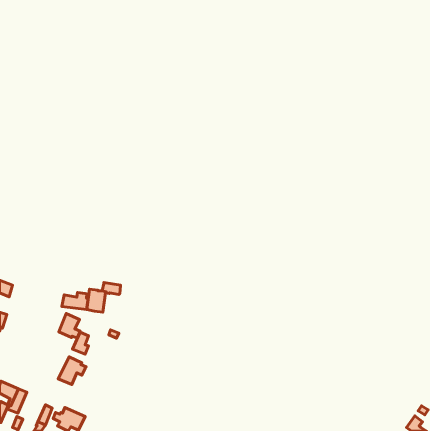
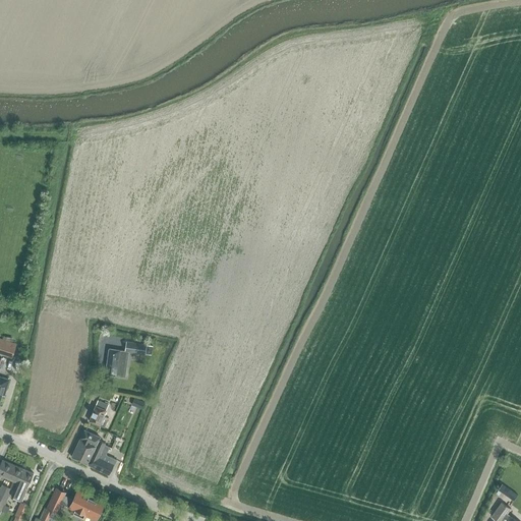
building: [62,292,88,309] -> none
building: [59,314,80,338] -> none
building: none -> [86,445,115,475]

